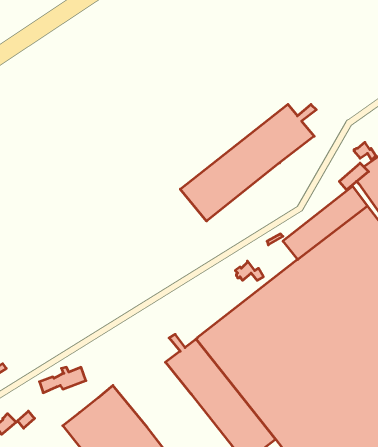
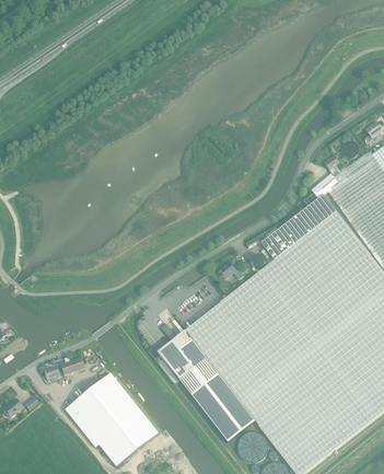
building: [180,104,316,221] -> none

